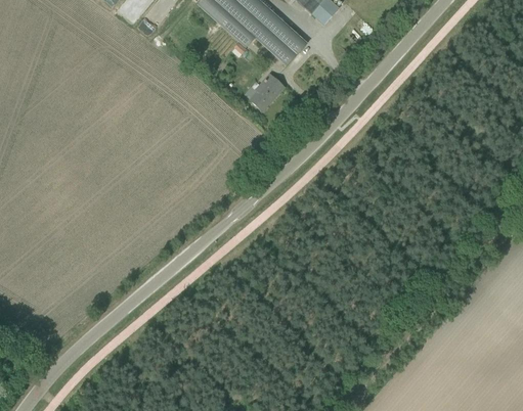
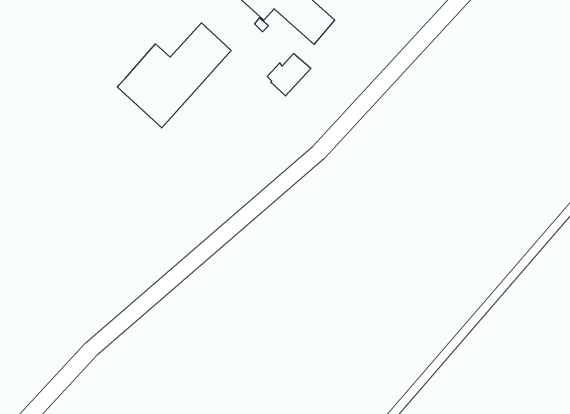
building: none -> [117,23,231,128]

